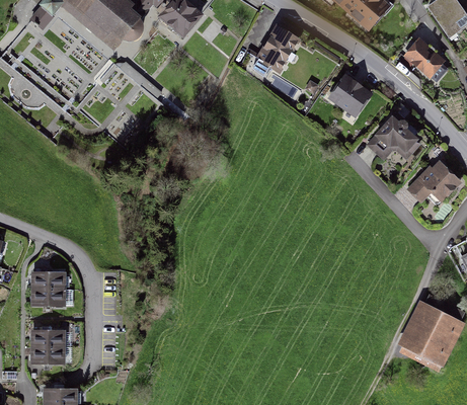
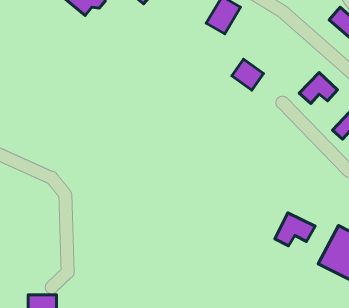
building: [333,76,372,113] -> [232,59,264,90]
building: [34,271,66,305] -> none
building: none -> [275,213,315,246]
building: [34,329,66,361] -> none

